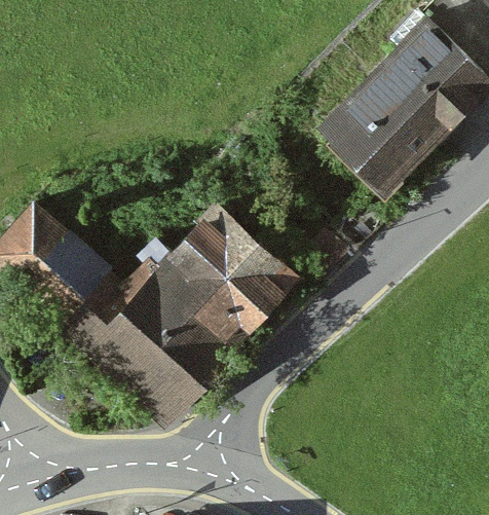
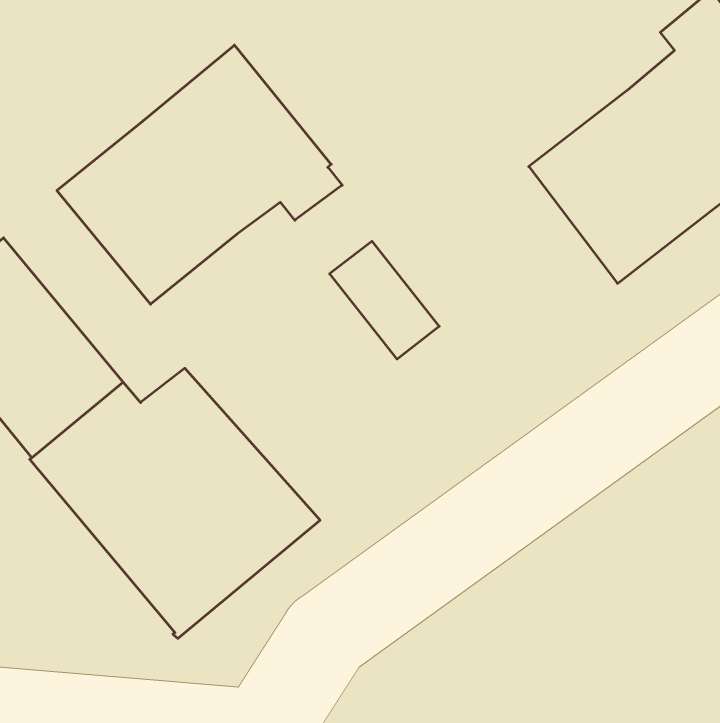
building: none -> [57,45,342,304]
building: [143,205,296,340] -> none

